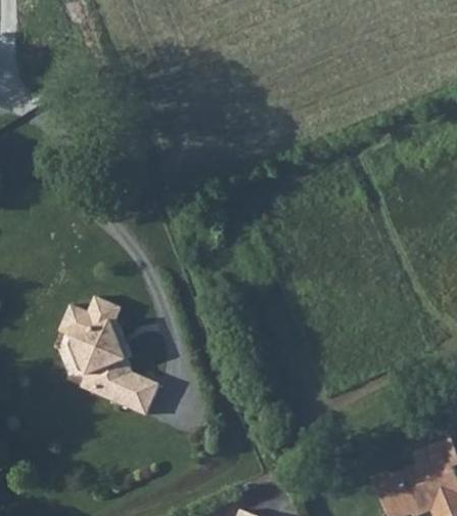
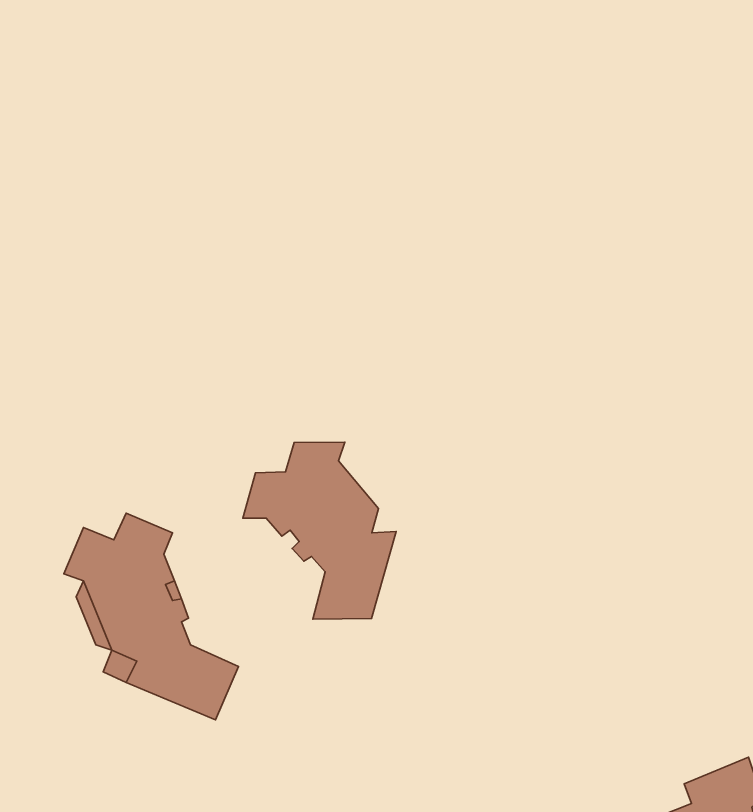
building: none -> [243,442,396,619]

